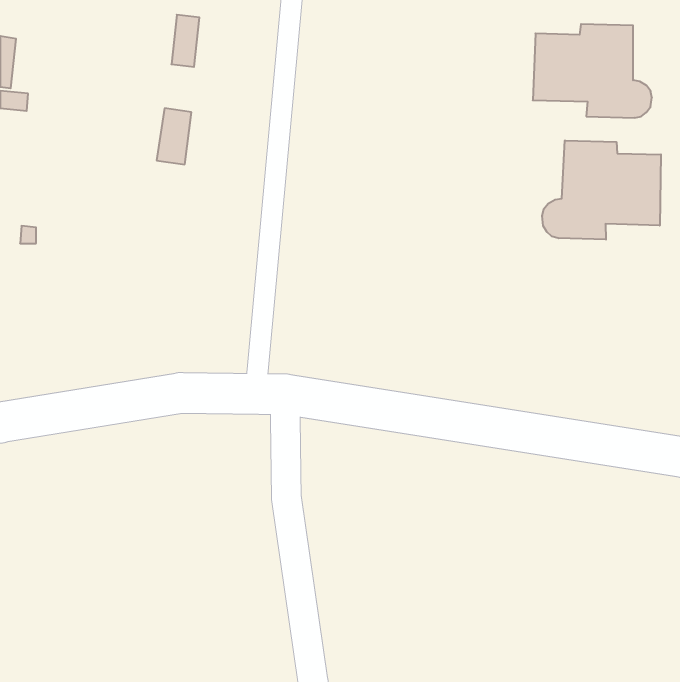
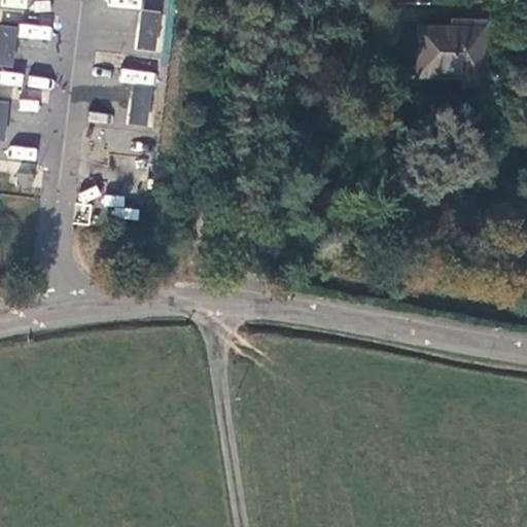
building: [542,140,661,240] -> none

